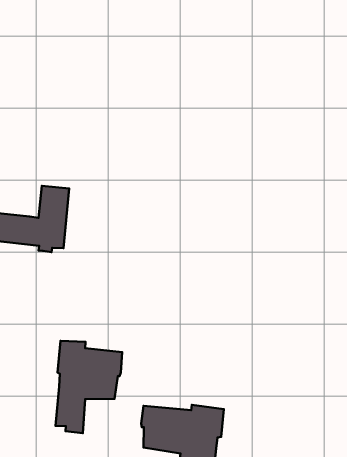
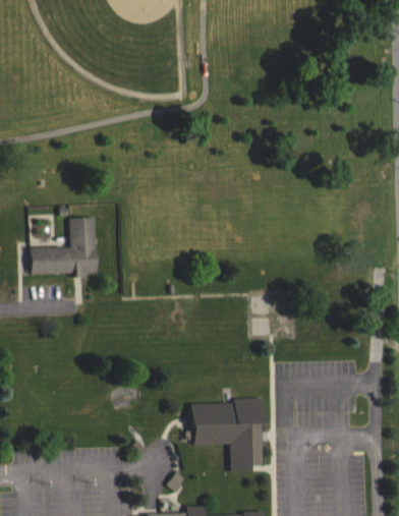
building: [56,341,122,433] -> none

